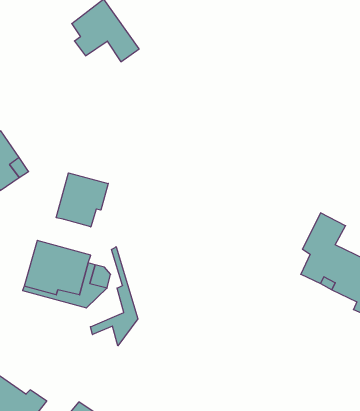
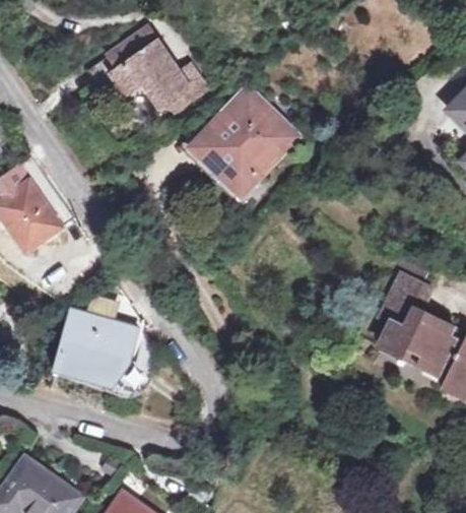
building: none -> [195,89,290,186]
building: [56,173,108,227] -> none
building: [90,247,138,346] -> none

